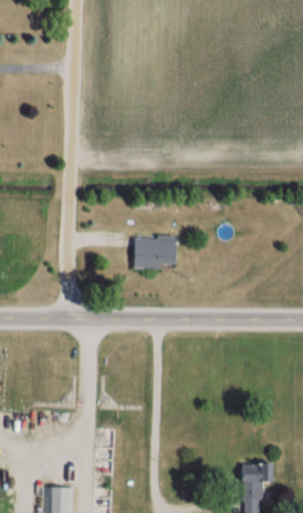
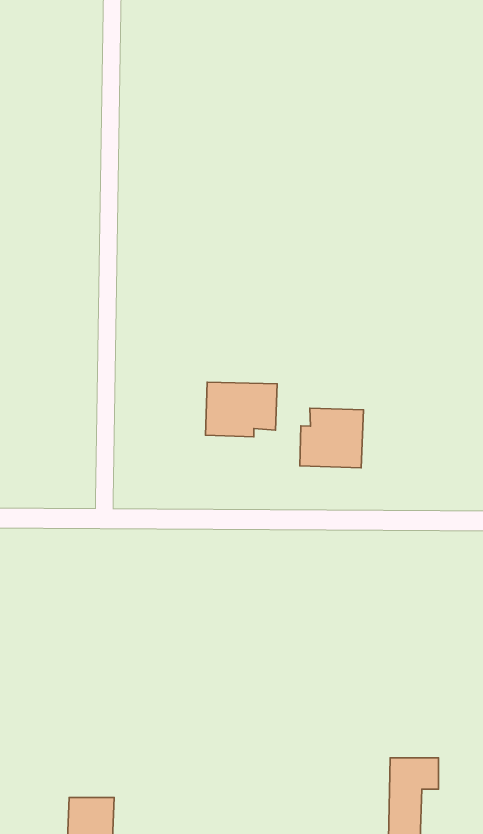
building: none -> [300,408,364,468]

